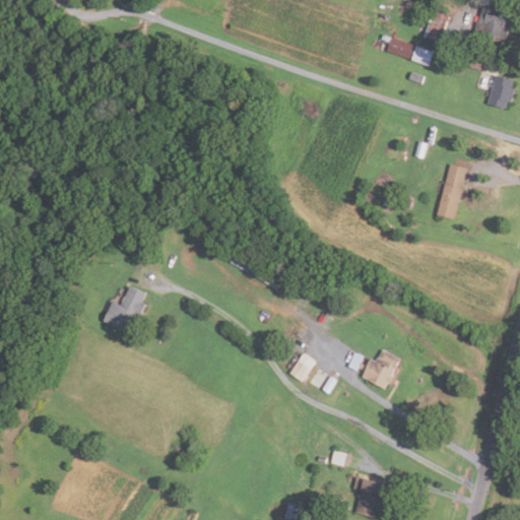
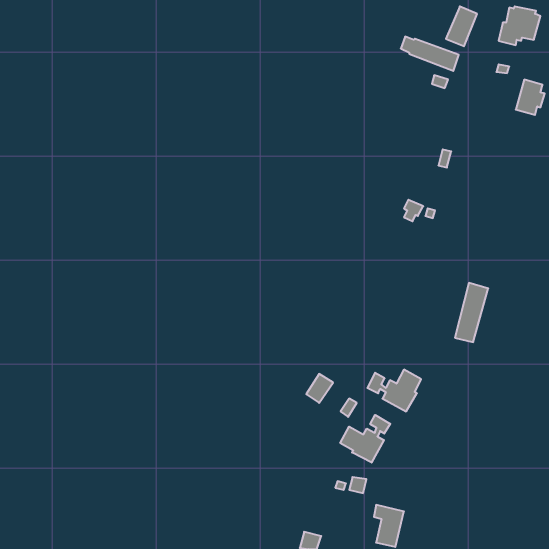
building: [436,164,467,219] -> [455,283,488,342]
building: [102,285,146,335] -> none
building: none -> [340,415,390,463]

